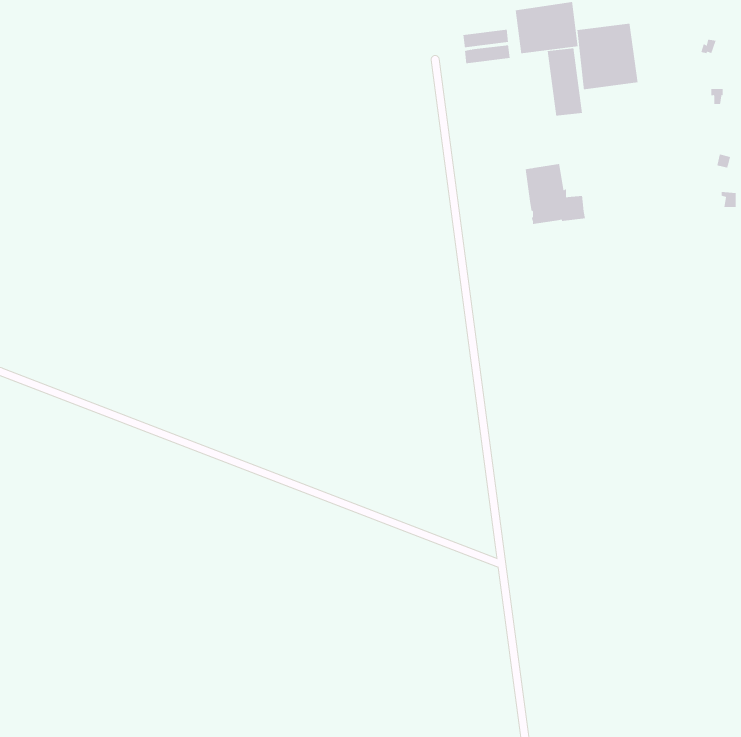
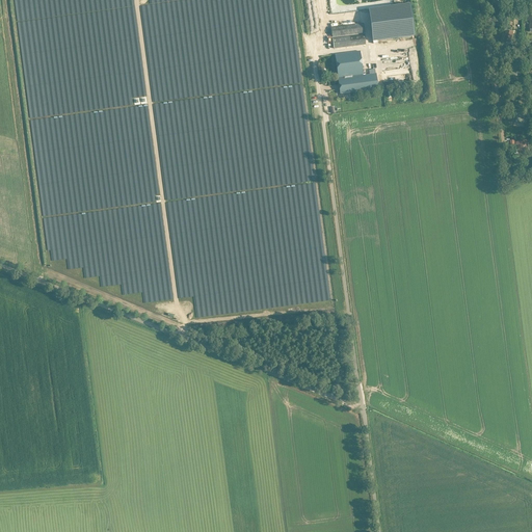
building: [577,23,638,90] -> none
building: [525,163,586,224] -> [335,48,378,91]

